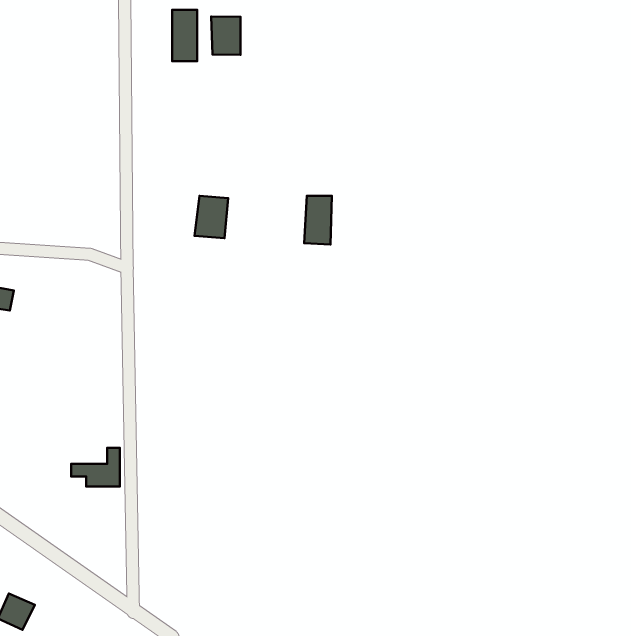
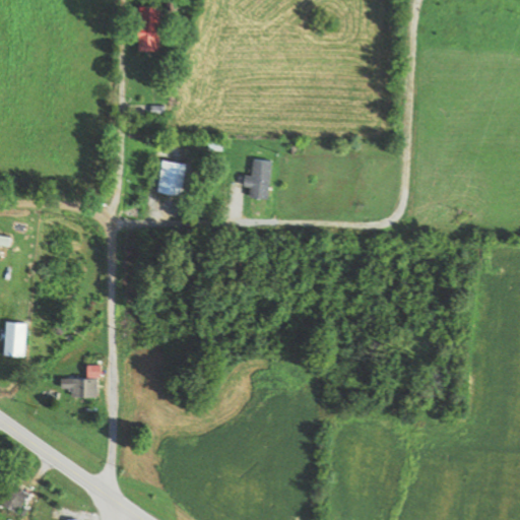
building: [211,16,241,55] -> none
building: none -> [4,323,24,355]

